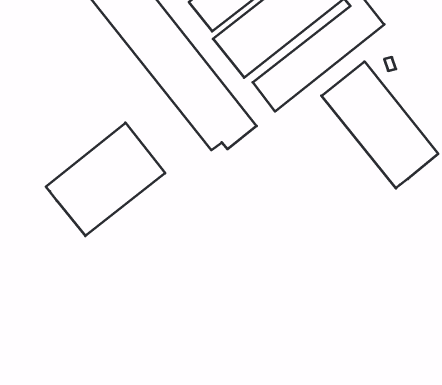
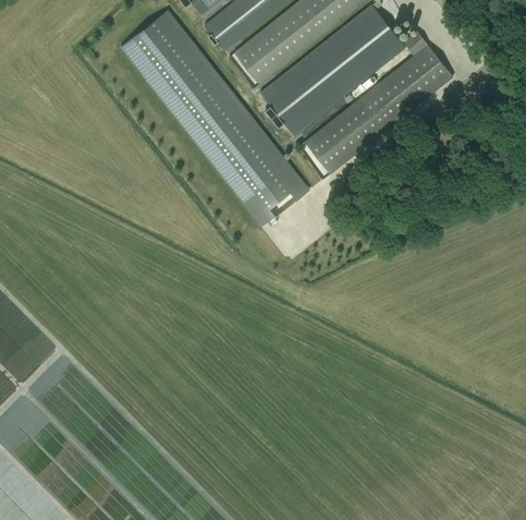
building: [321,62,438,188] -> none
building: [46,123,165,236] -> none

